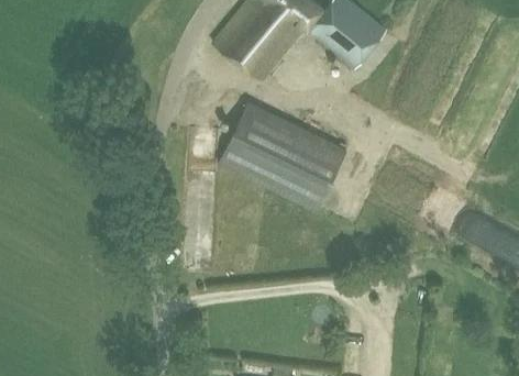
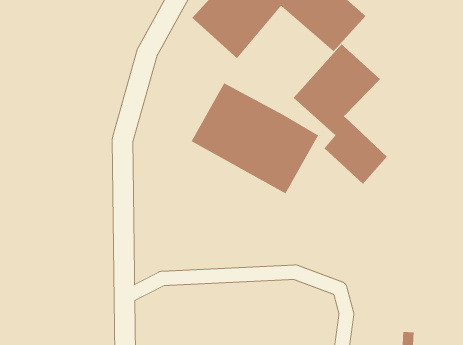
building: none -> [293,43,388,185]

